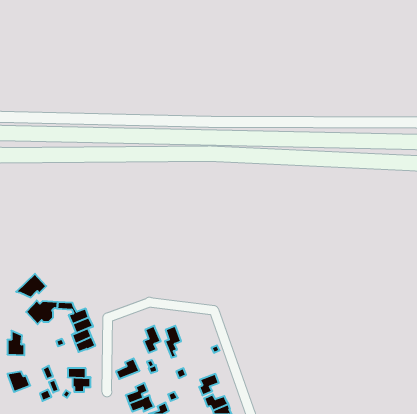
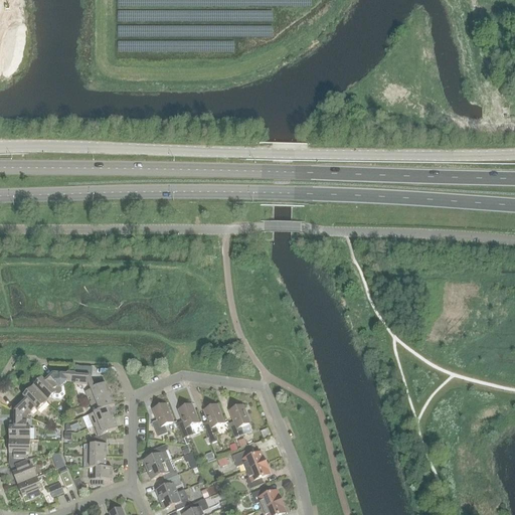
building: [16,274,46,297] -> [9,384,46,413]
building: none -> [152,401,173,434]
building: none -> [228,402,249,436]
building: none -> [83,430,107,454]
building: none -> [9,437,30,461]
building: none -> [232,448,266,468]
building: none -> [147,457,178,477]
building: none -> [17,475,42,500]

